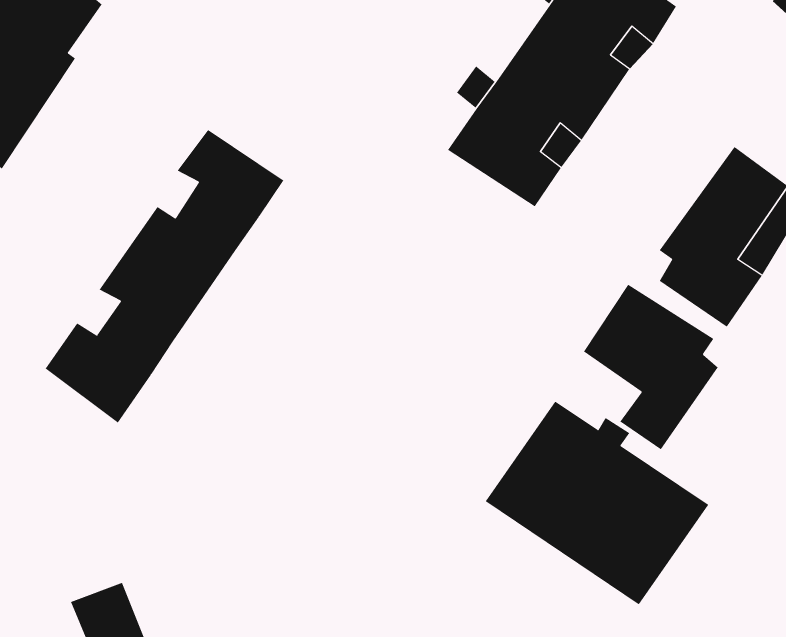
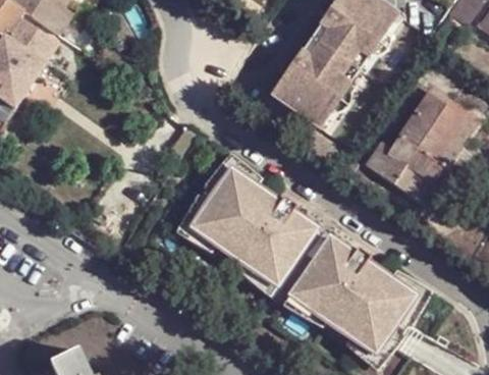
building: [45,129,284,424] -> none
building: none -> [191,171,317,288]
building: [583,284,718,450] -> none

